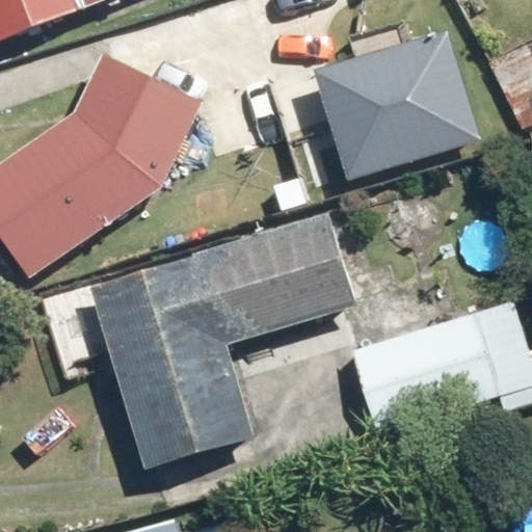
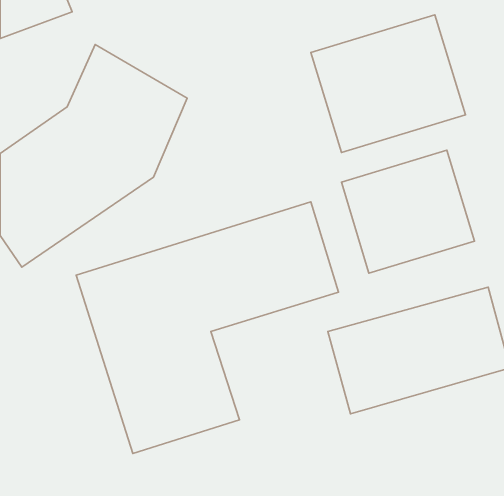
building: none -> [341,150,474,273]

